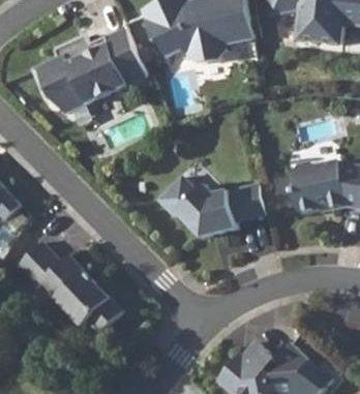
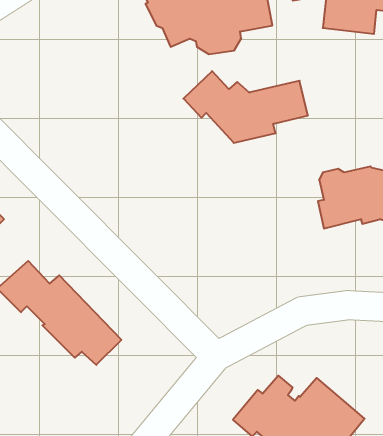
building: [30,25,145,109] -> none
building: [157,176,265,238] -> [183,71,308,143]

